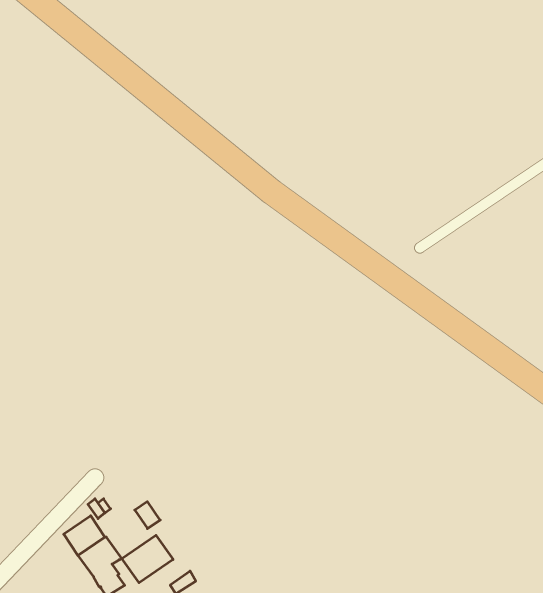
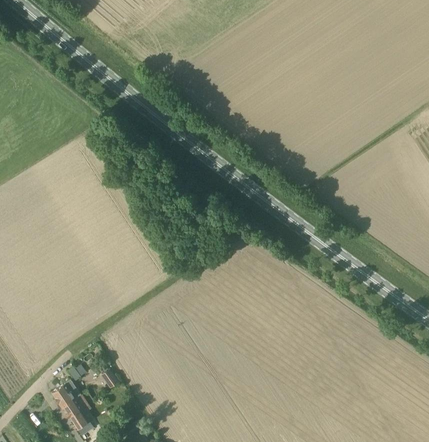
building: [122,535,173,583] -> none

